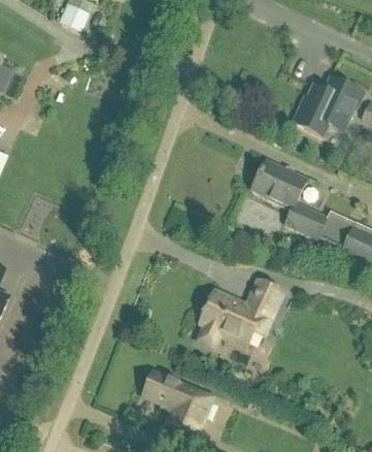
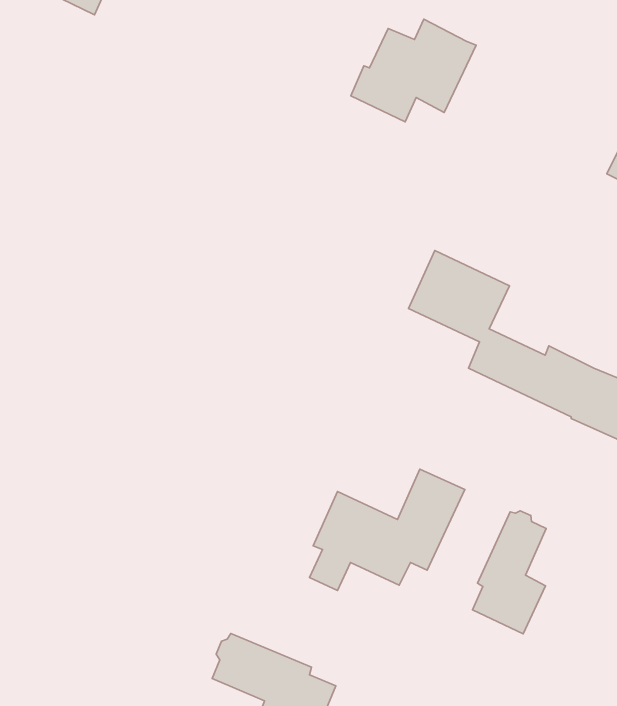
building: [293,77,362,134] -> [351,19,476,122]
building: none -> [472,511,546,634]

